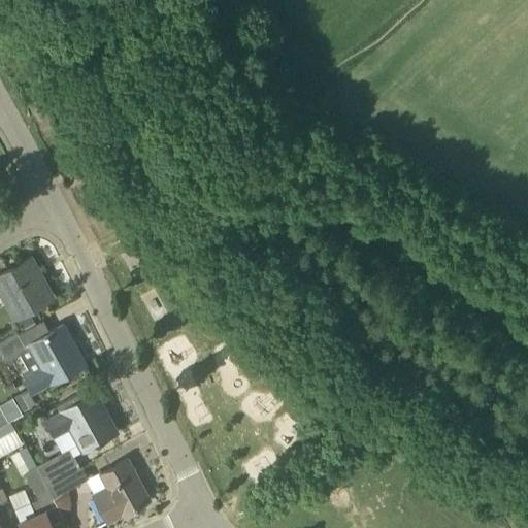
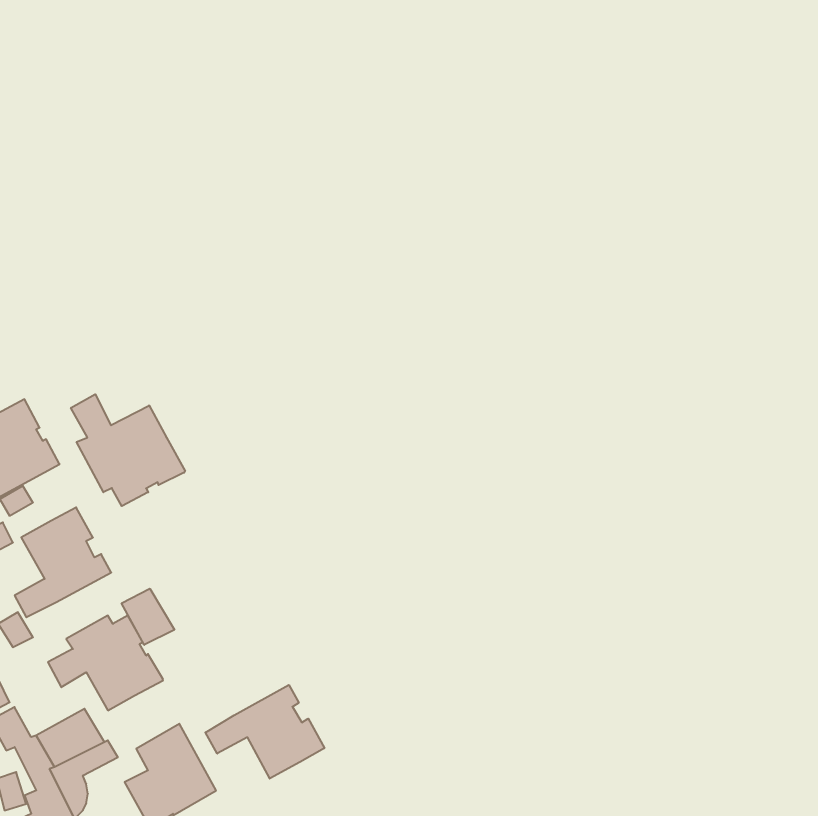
building: none -> [71,394,185,506]
building: none -> [122,589,174,645]
building: none -> [205,685,324,779]

